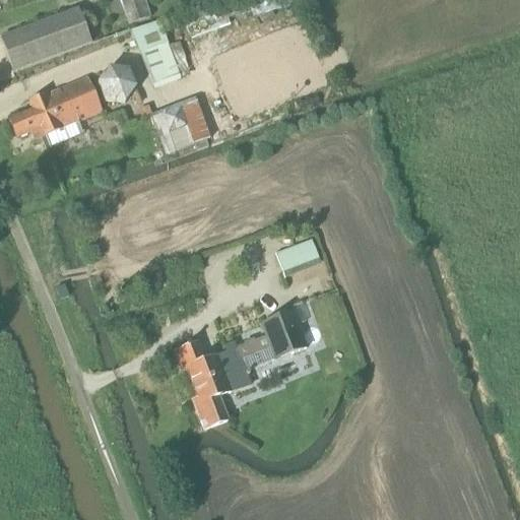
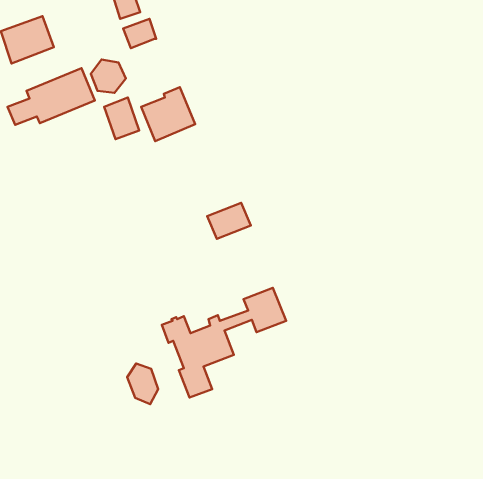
building: [47,5,91,51] -> none
building: [141,42,179,86] -> [104,97,139,139]
building: [275,237,322,275] -> [207,203,251,239]
building: none -> [127,364,158,404]

